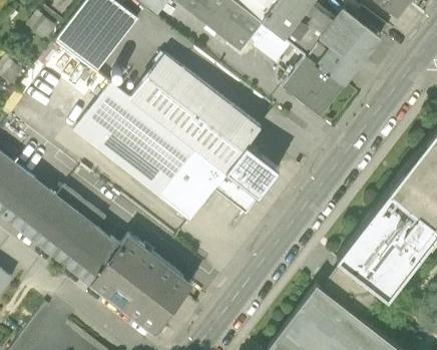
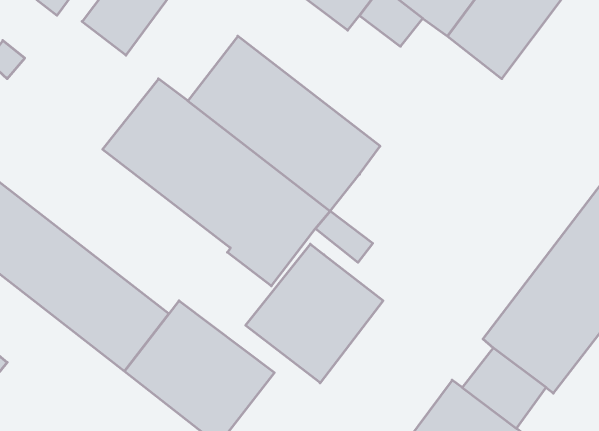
building: [288,54,349,113] -> none
building: [232,148,280,196] -> none
building: none -> [246,244,383,383]

